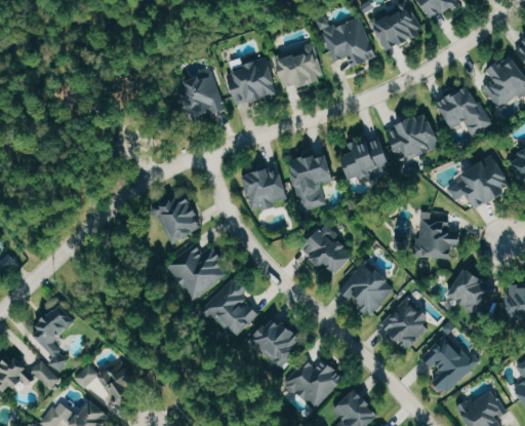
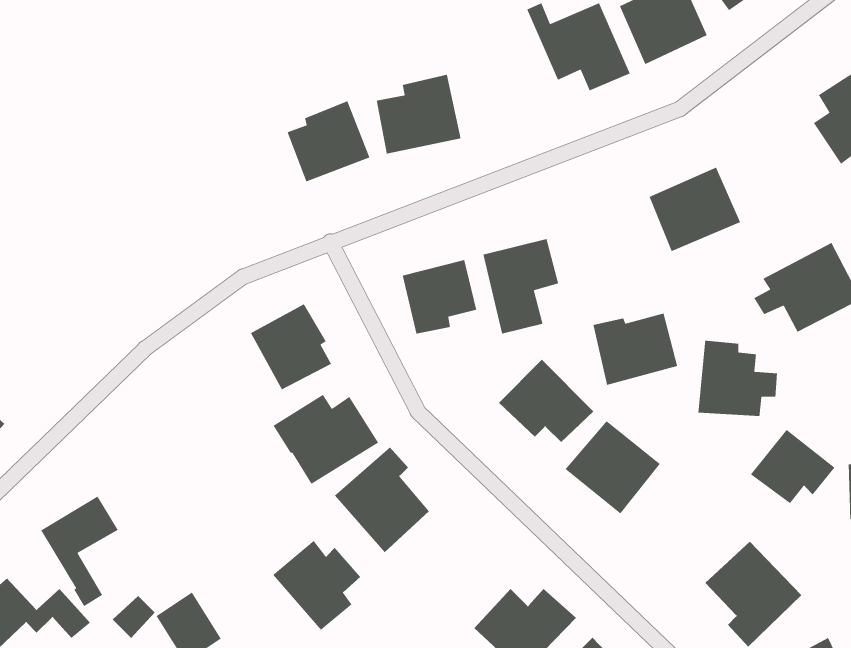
building: [275,45,323,90] -> none
building: [437,84,490,134] -> none
building: [340,139,391,182] -> [593,312,678,386]
building: [379,296,429,350] -> none
building: [247,316,299,370] -> [272,540,361,631]

